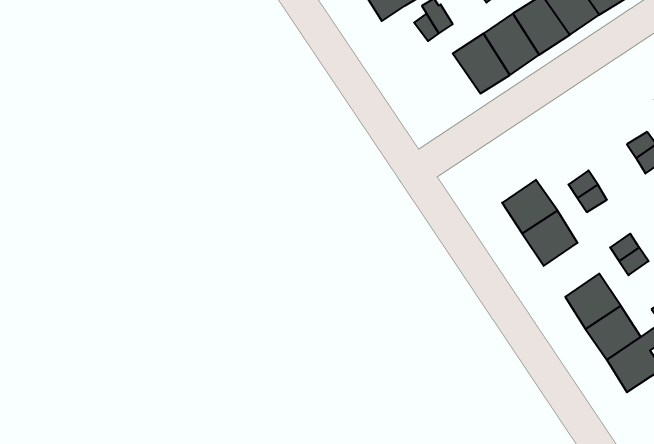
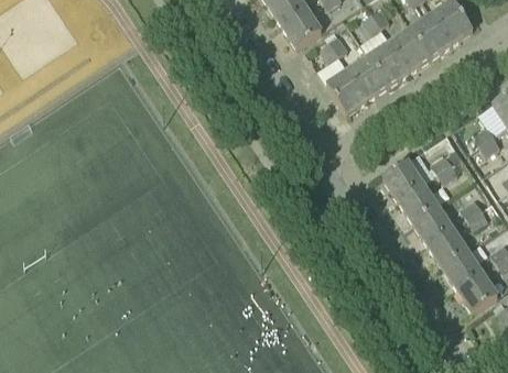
building: none -> [327,70,368,113]
building: none -> [413,206,453,244]

